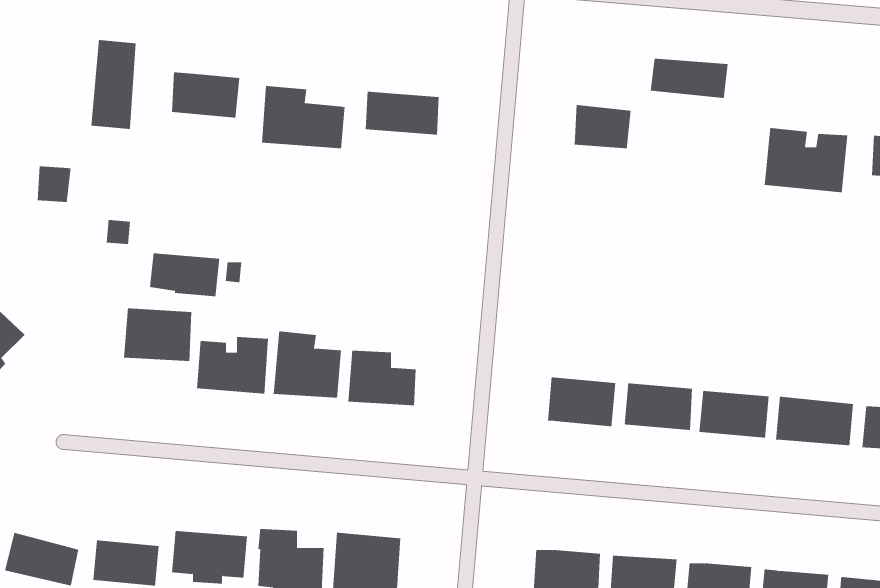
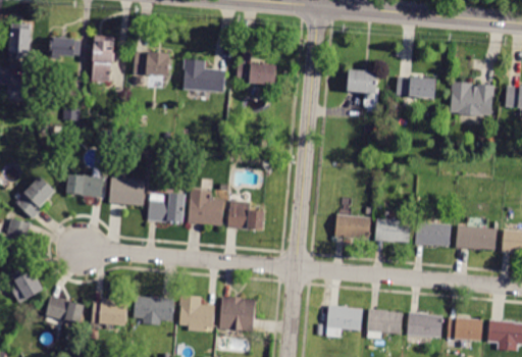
building: none -> [49,36,82,58]
building: [650,58,728,98] -> [395,76,436,98]
building: [149,253,220,297] -> [66,174,104,198]

